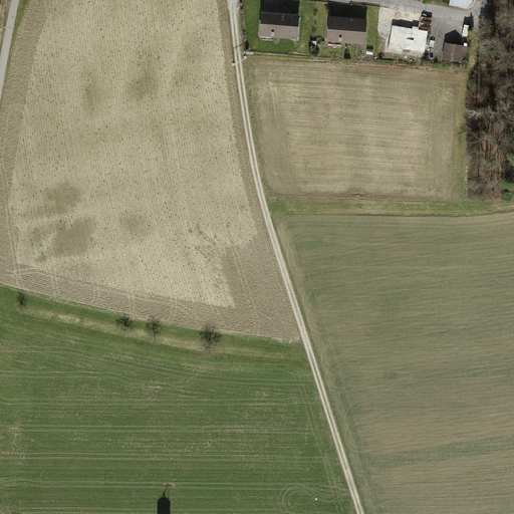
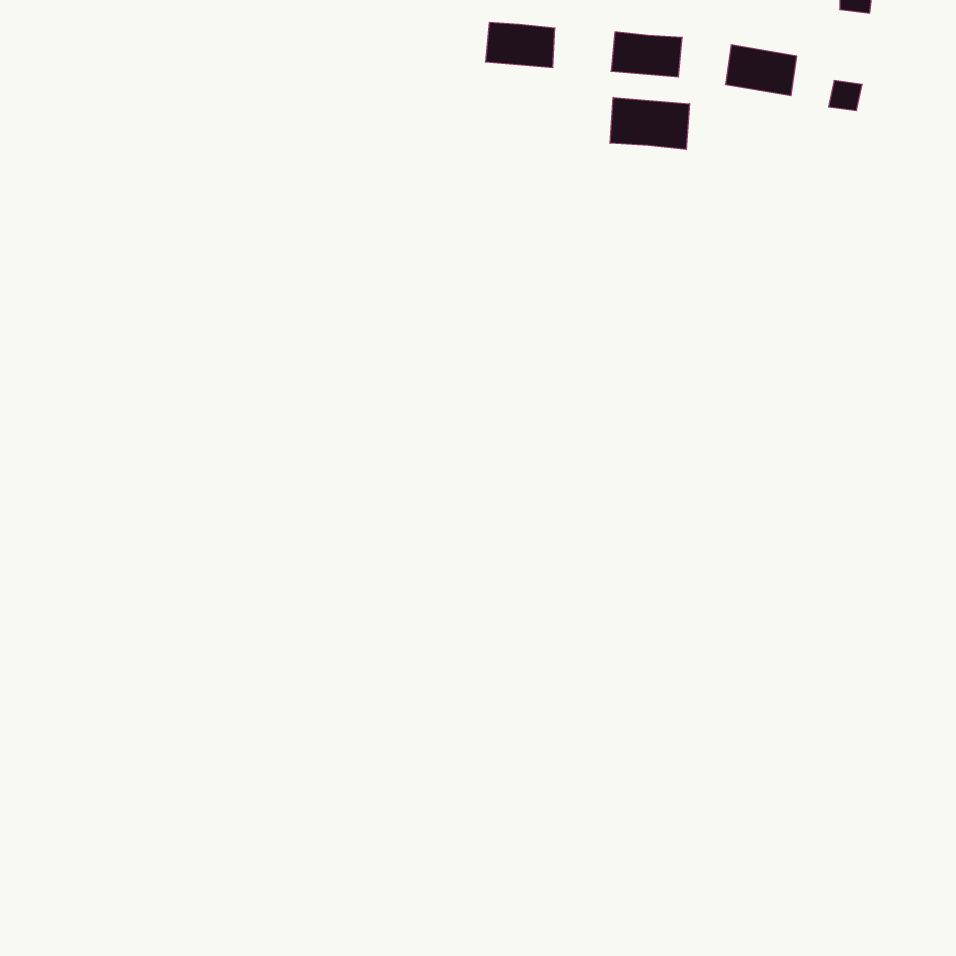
building: none -> [610,97,690,150]

